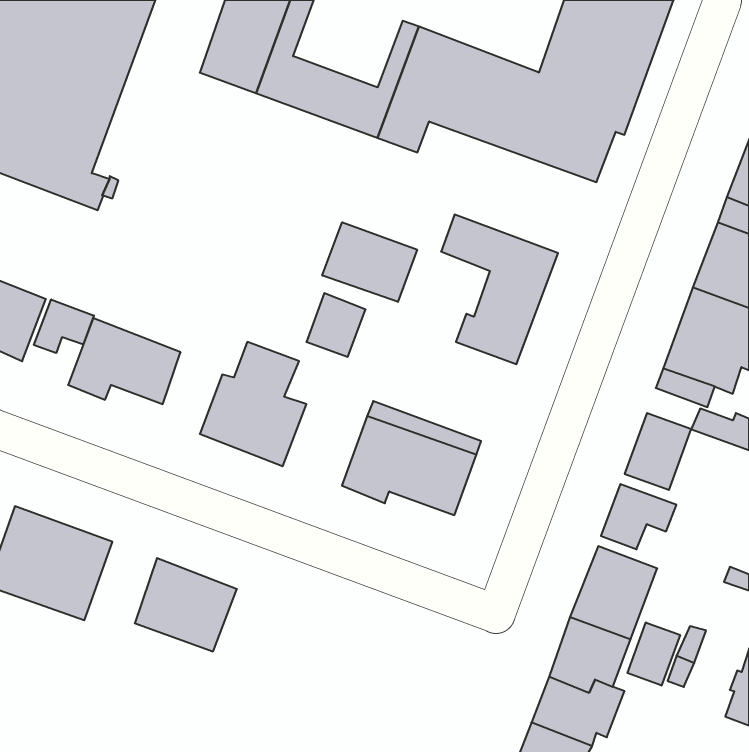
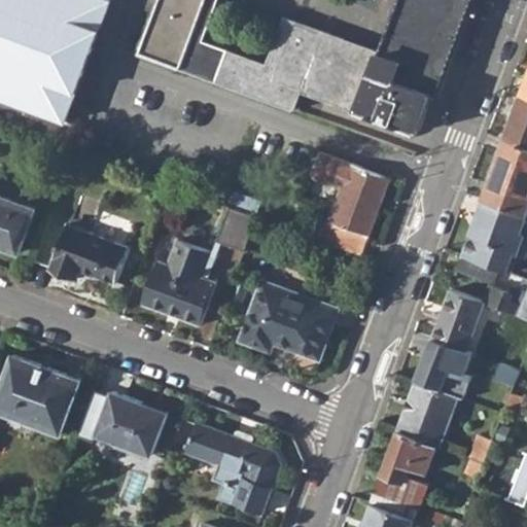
building: [322,222,417,302] -> none
building: [34,299,94,353] -> none
building: none -> [184,423,277,514]
building: [627,622,680,686] -> none

